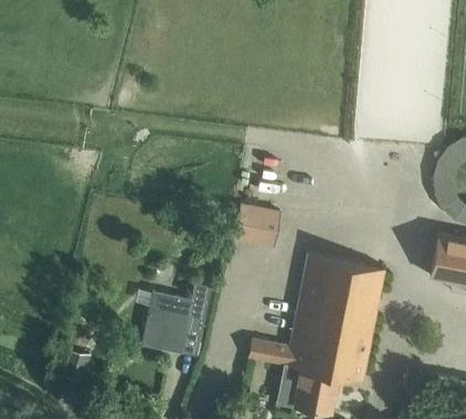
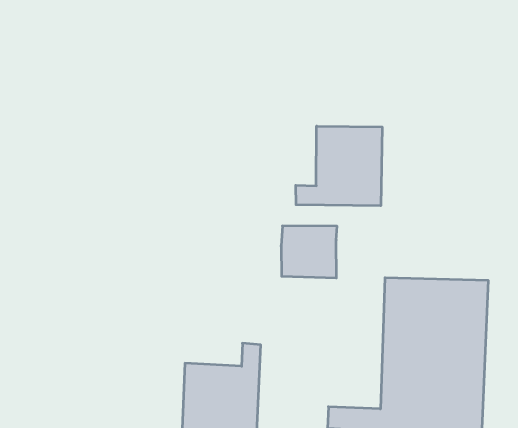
building: none -> [296,126,382,206]

